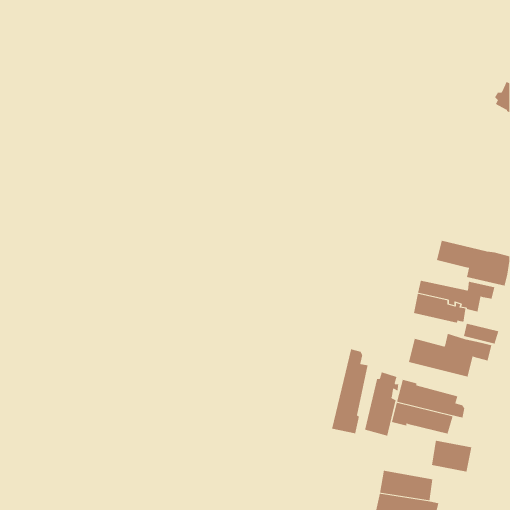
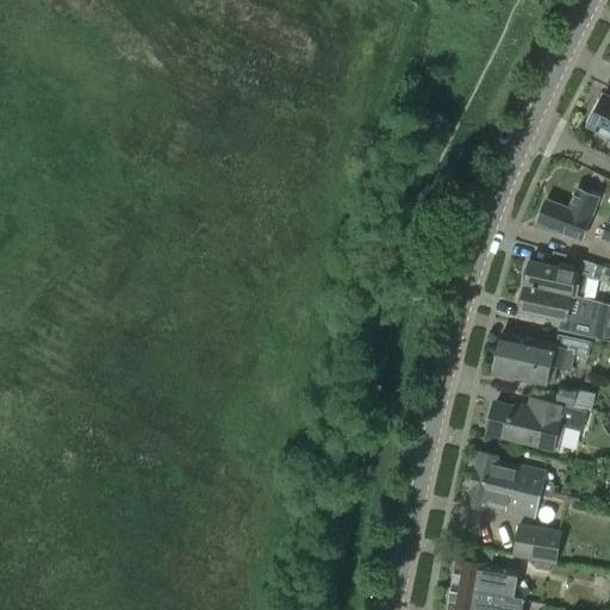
building: none -> [537,189,598,239]
building: none -> [525,262,585,300]
building: [332,348,368,434] -> none
building: [364,371,399,436] -> none

